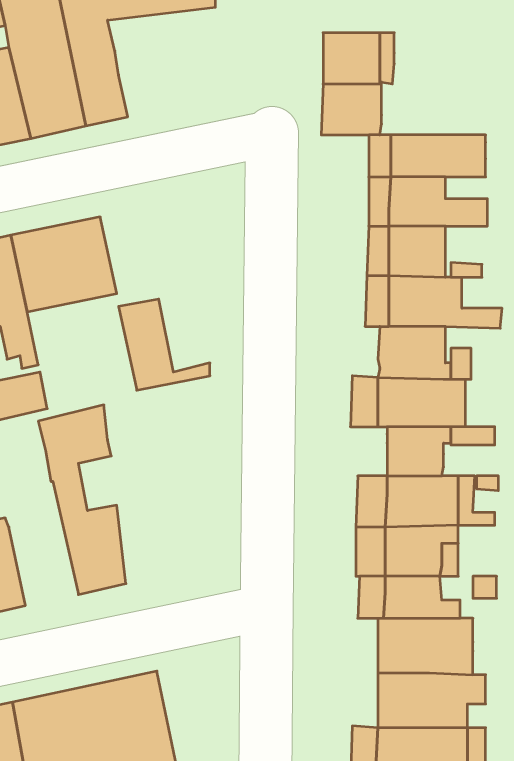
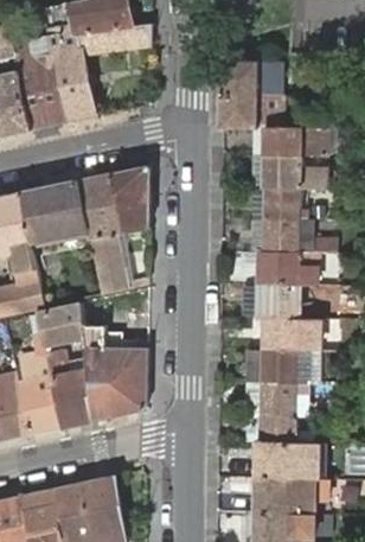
building: none -> [77,165,149,238]
building: none -> [82,325,147,419]
building: none -> [18,332,63,433]

